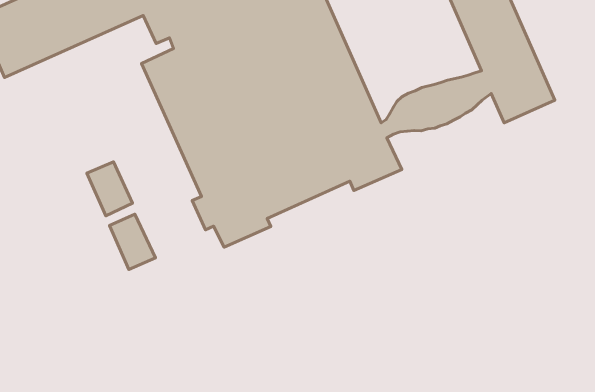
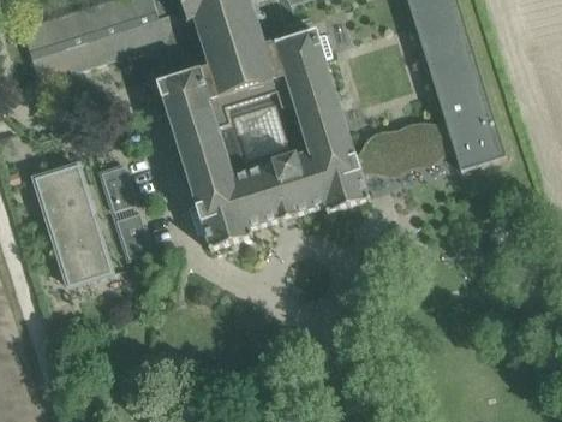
building: none -> [34,165,110,286]

